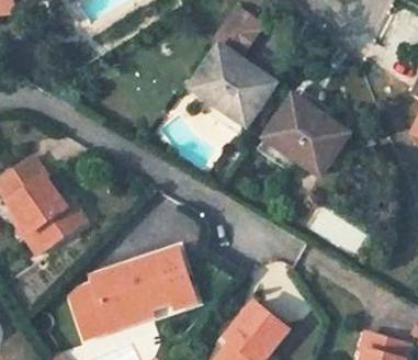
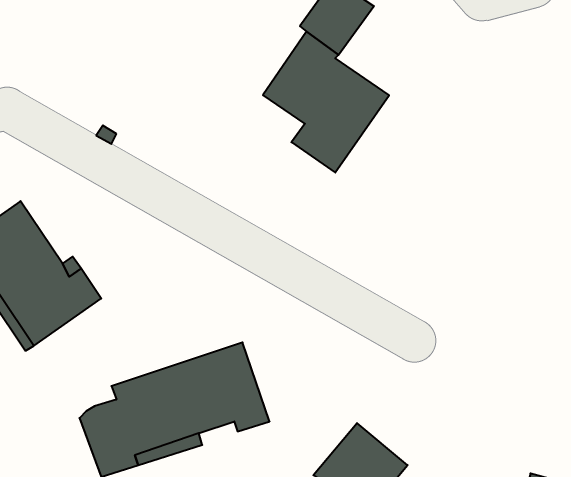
building: [257,99,349,175] -> none

